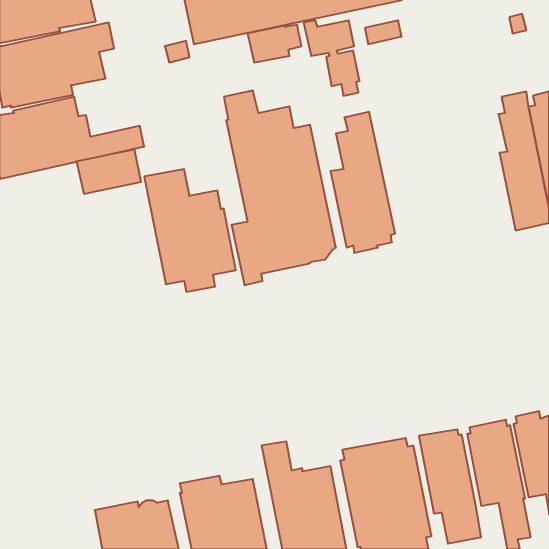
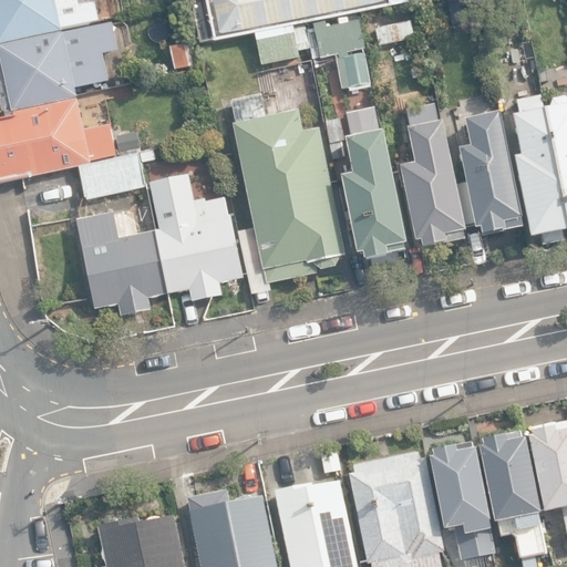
building: none -> [460,113,523,235]
building: none -> [401,122,465,247]
building: none -> [74,210,168,317]

